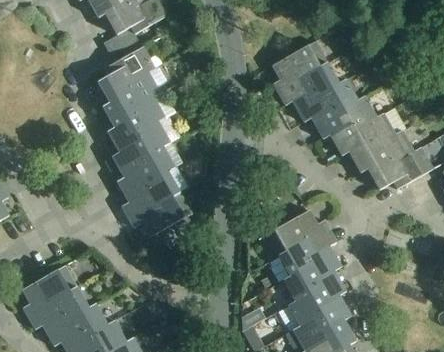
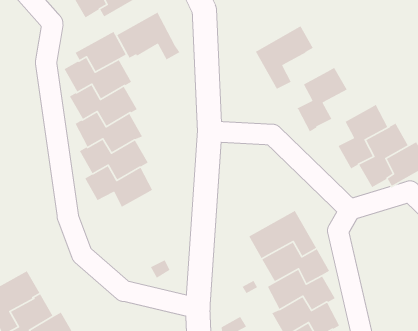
building: none -> [116,12,180,61]
building: [292,62,338,122] -> none
building: [329,96,376,156] -> none
building: [128,192,191,237] -> none

